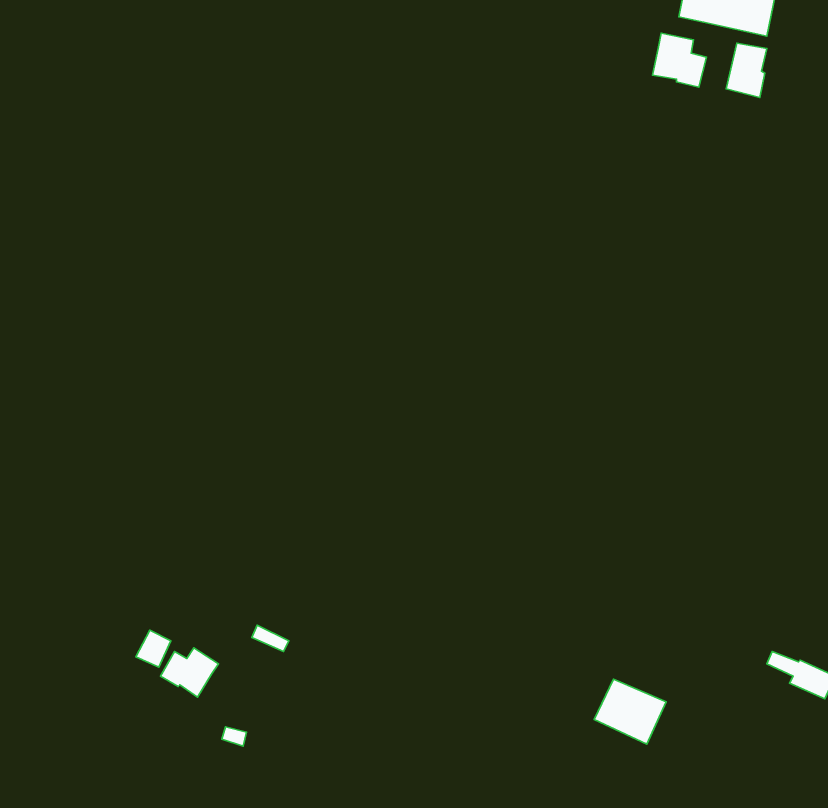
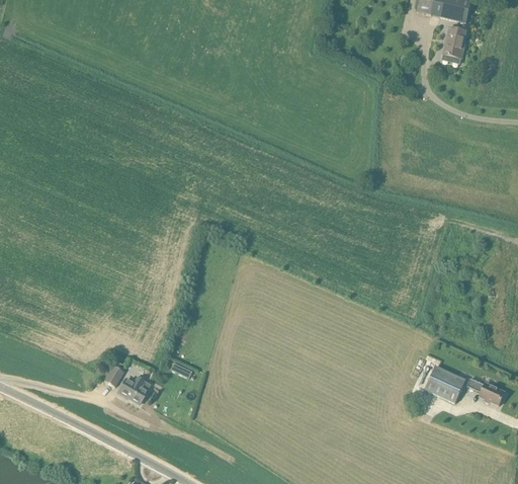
building: [652,33,707,87] -> none
building: [594,679,666,744] -> [425,365,466,402]

